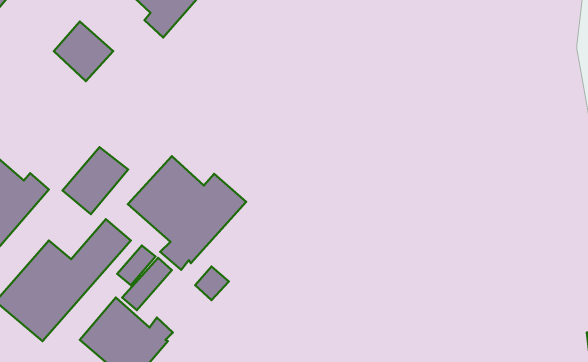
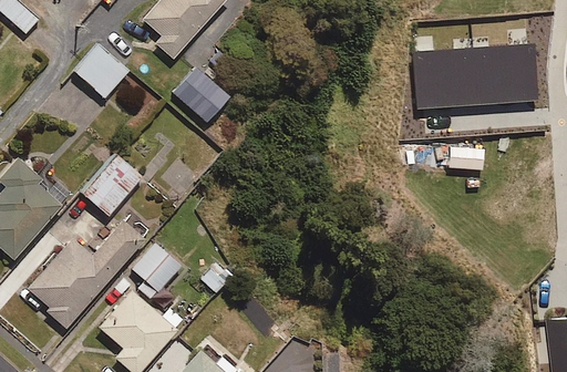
building: none -> [415,43,542,110]
building: none -> [172,68,229,124]
building: [128,156,246,270] -> none

